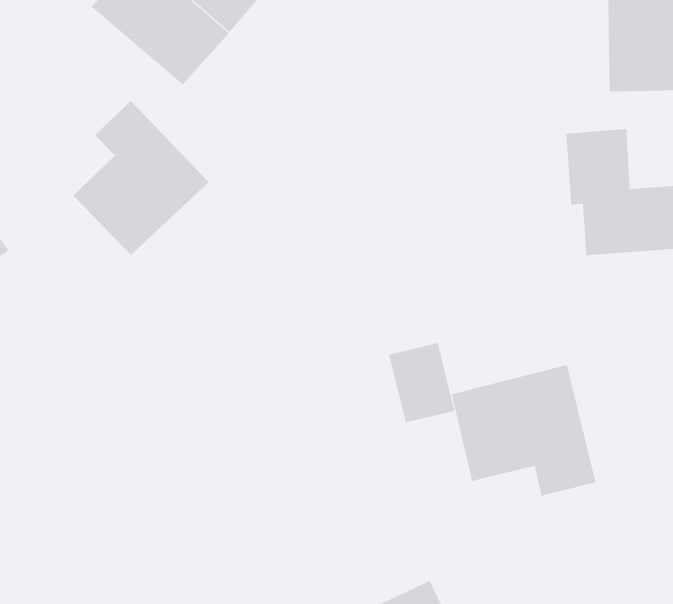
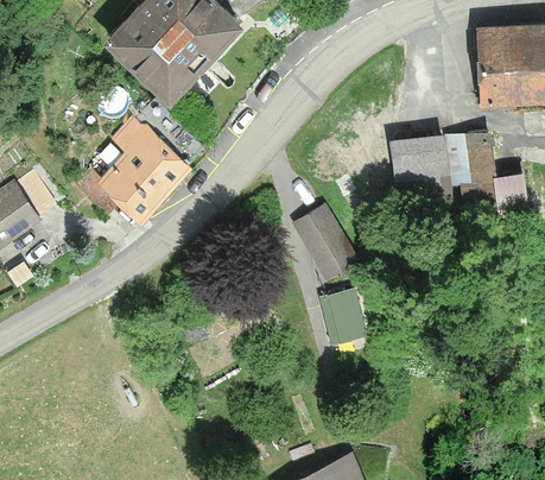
building: none -> [391,134,450,198]
building: none -> [293,204,359,280]
building: [451,364,596,496] -> none

